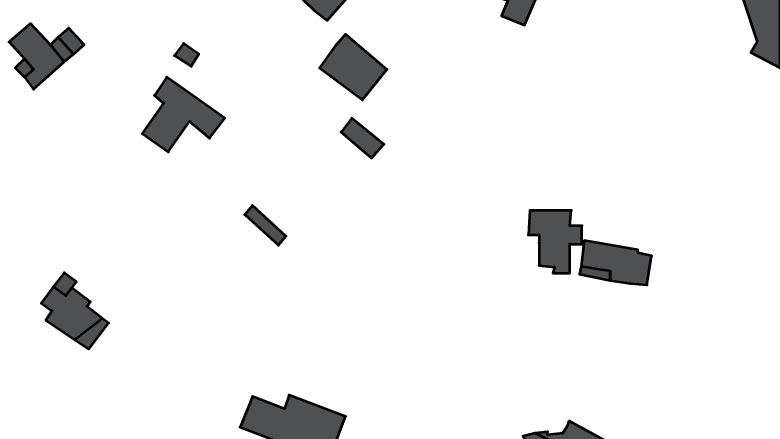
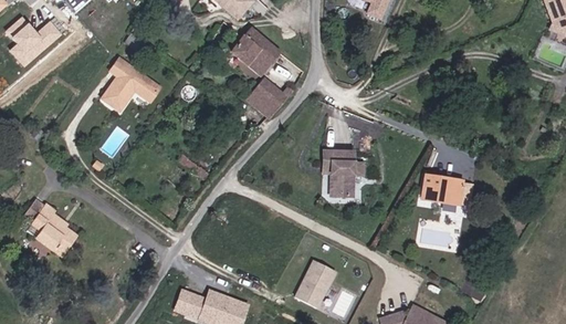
building: none -> [254,76,292,106]
building: [528,210,582,273] -> [321,150,359,196]
building: none -> [294,259,337,309]

